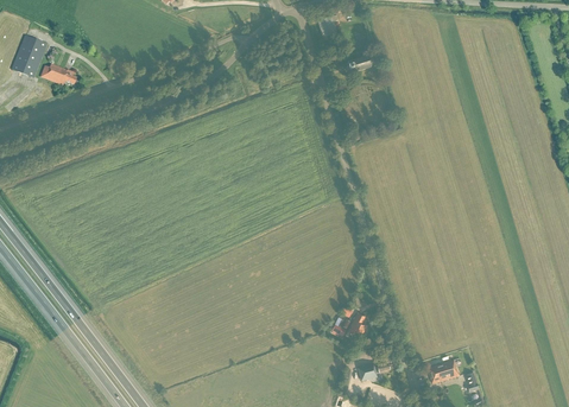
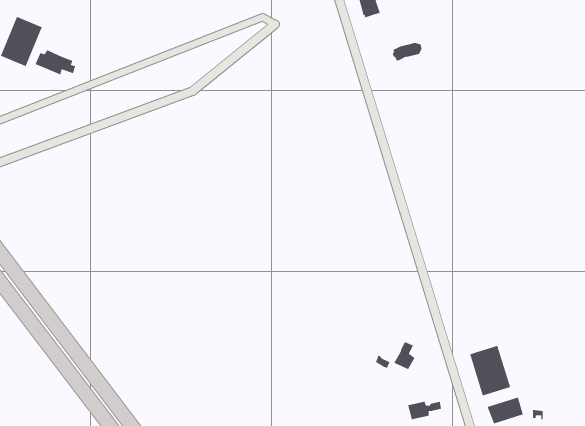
building: none -> [469,345,511,397]

